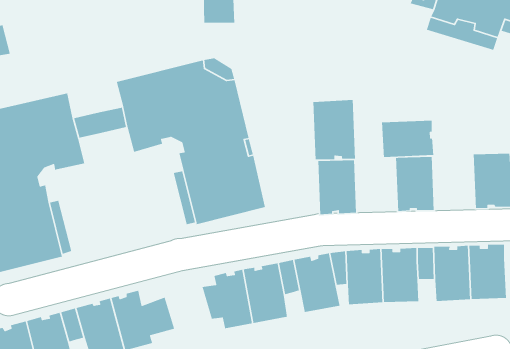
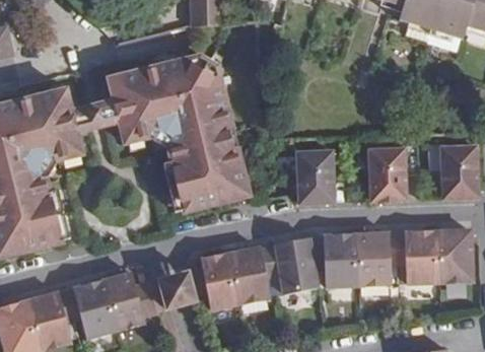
building: [312,99,356,160] -> none
building: [381,120,434,158] -> none
building: none -> [155,269,198,308]

